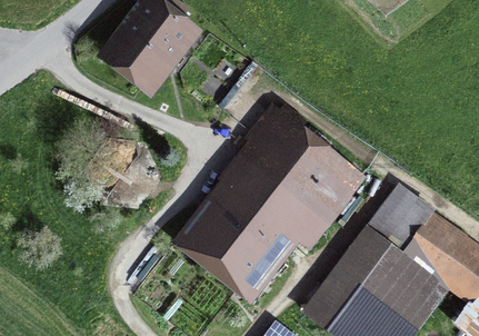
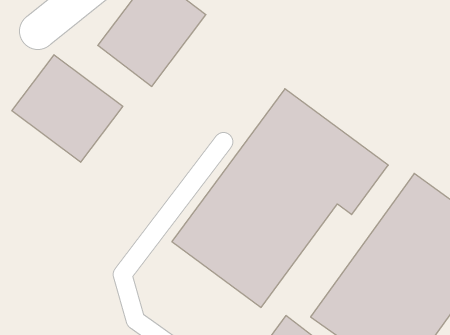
building: none -> [12,55,123,162]

